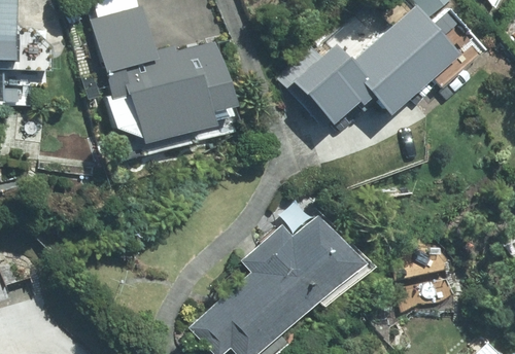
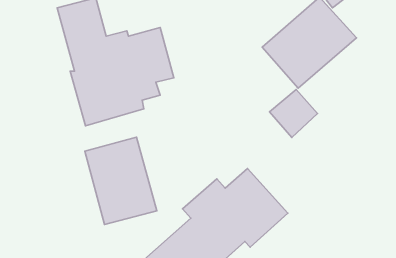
building: [294,62,351,119] -> [270,90,318,137]
building: none -> [85,137,157,225]

